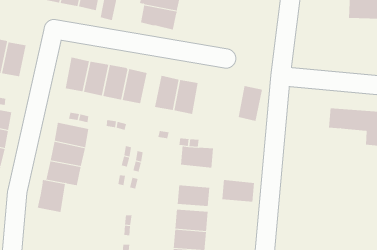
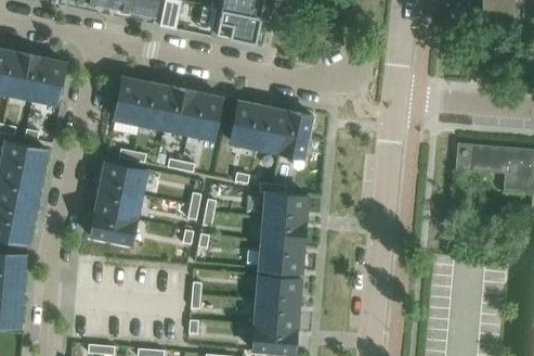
building: [238,85,263,121] -> [279,111,312,157]
building: [37,179,66,213] -> none
building: [221,180,255,202] -> [261,217,304,246]

